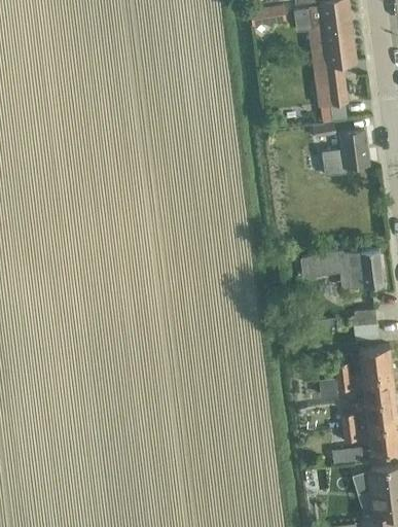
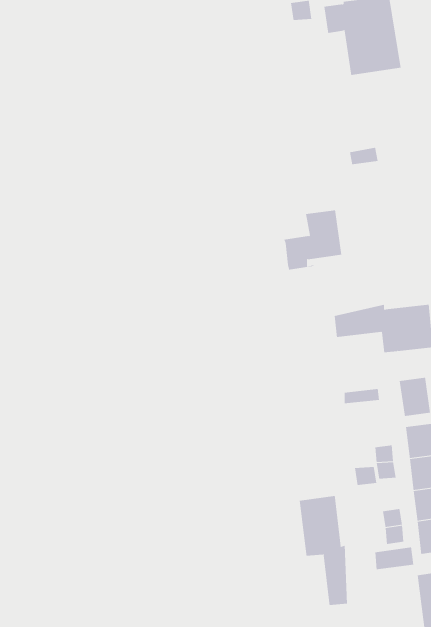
building: [317,77,348,107] -> none
building: [321,129,368,177] -> [283,210,342,270]
building: none -> [299,495,347,606]

